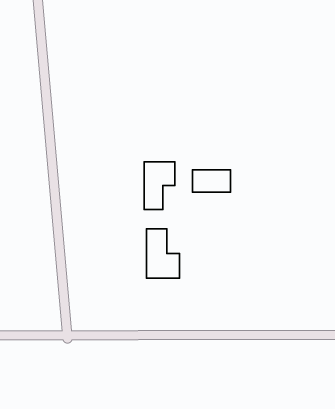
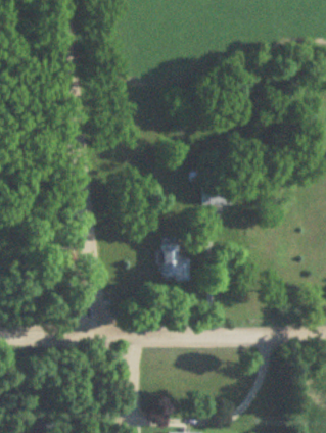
building: [144,162,175,209] -> none

